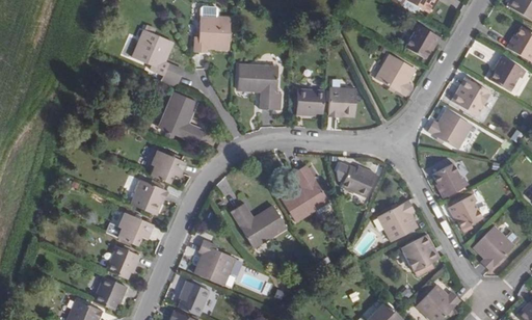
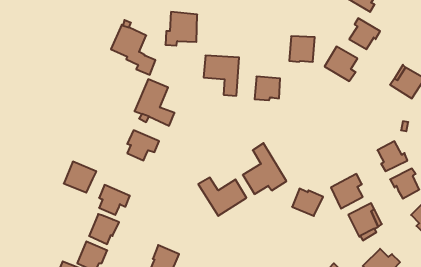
building: [327,87,356,116] -> [289,36,315,62]
building: [427,107,469,143] -> none
building: [341,165,376,196] -> [292,189,323,216]
building: [130,180,167,215] -> [64,162,96,193]
building: [193,240,235,286] -> none

